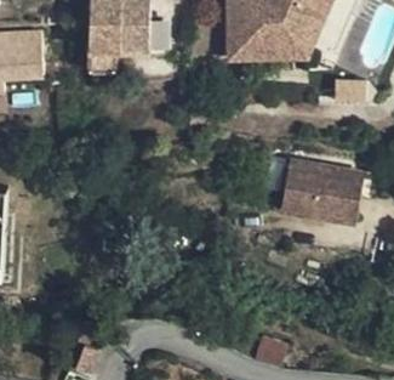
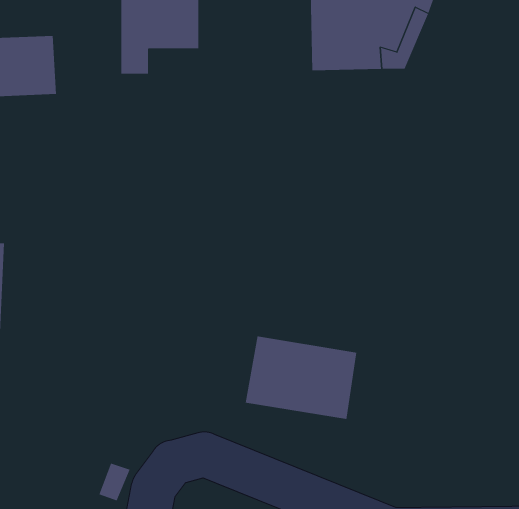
building: [279,169,360,229] -> [245,336,357,420]

